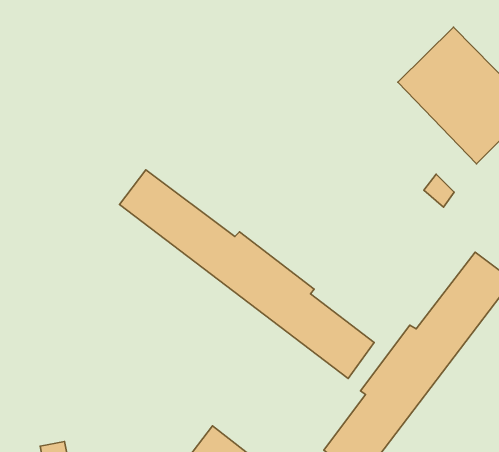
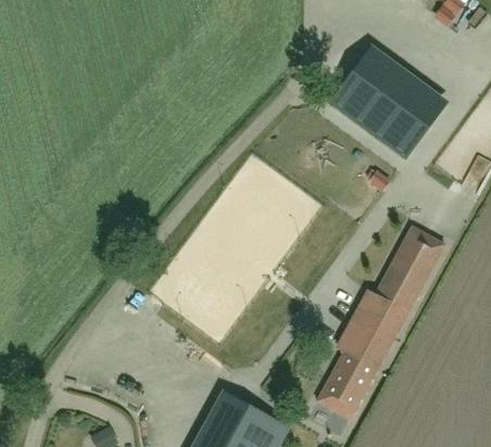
building: [119,170,374,378] -> none

